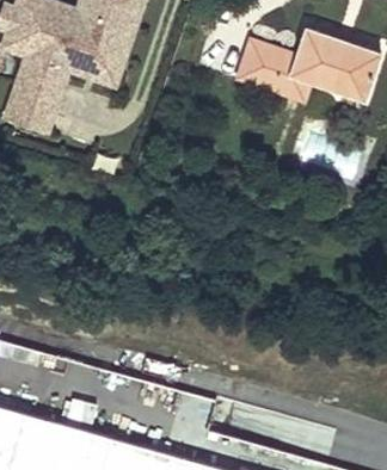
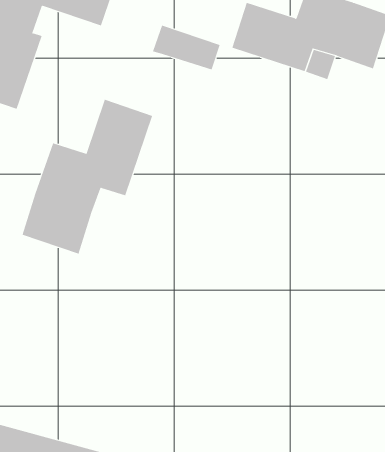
building: [60,45,121,86] -> [152,25,220,70]
building: none -> [22,99,153,255]

